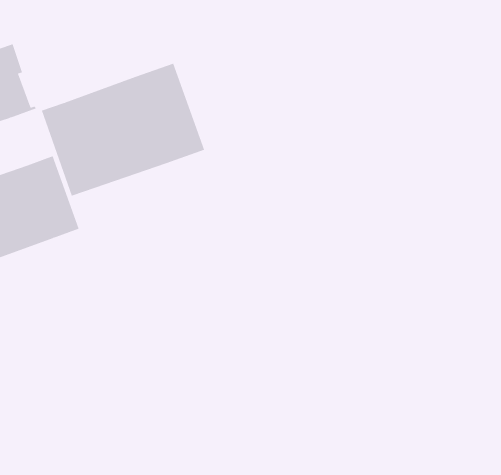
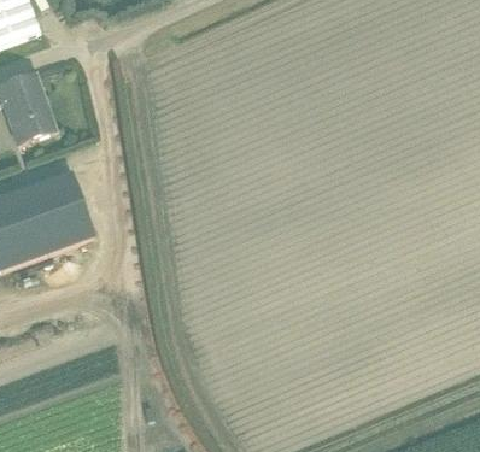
building: [41,63,205,196] -> none

